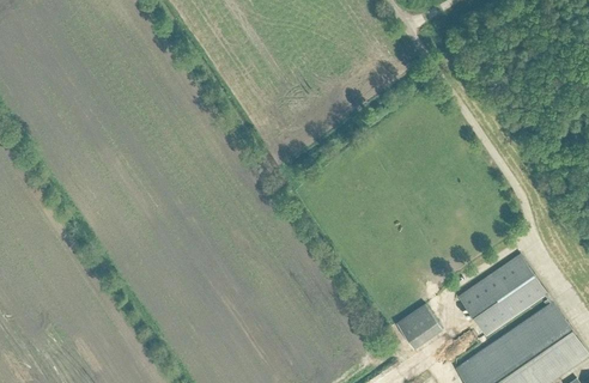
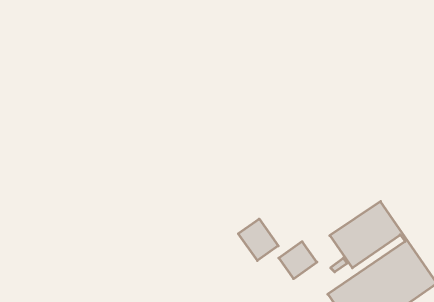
building: none -> [238,219,278,261]

